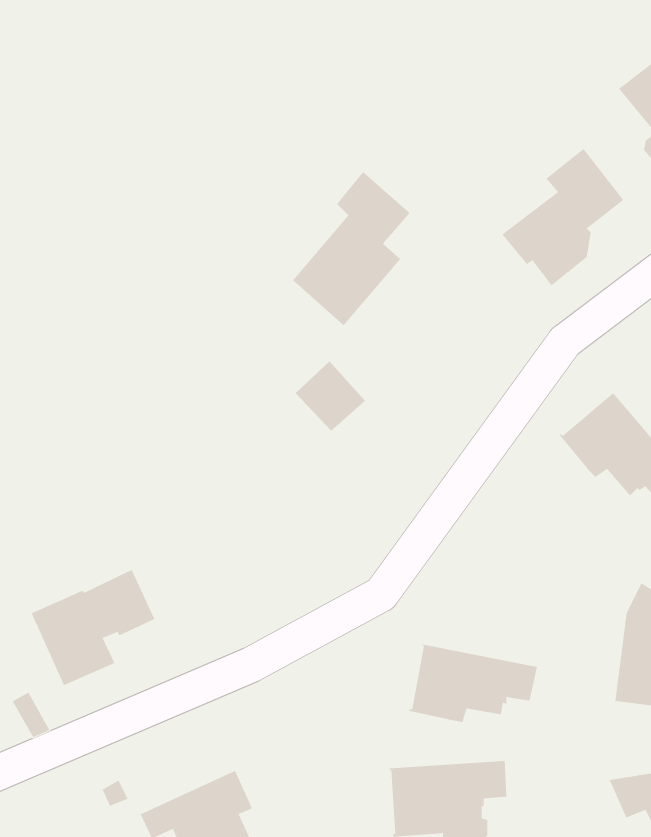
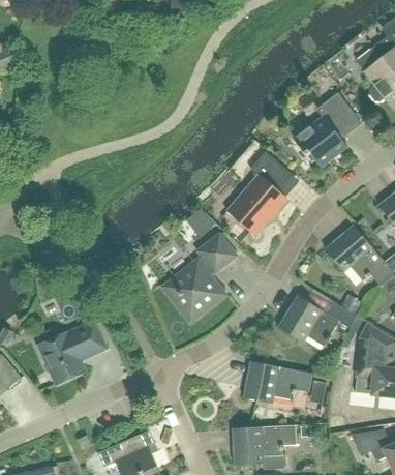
building: [292,171,411,326] -> [226,150,291,234]
building: none -> [162,234,235,321]
building: none -> [277,294,357,345]

